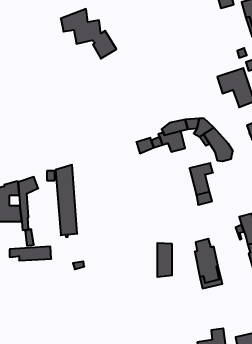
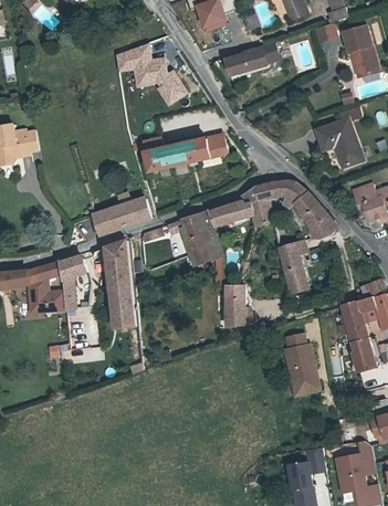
building: none -> [221,43,275,76]
building: none -> [130,133,228,171]
building: none -> [93,198,151,235]
building: none -> [176,211,221,266]
building: [157,243,172,277] -> [224,282,243,325]

